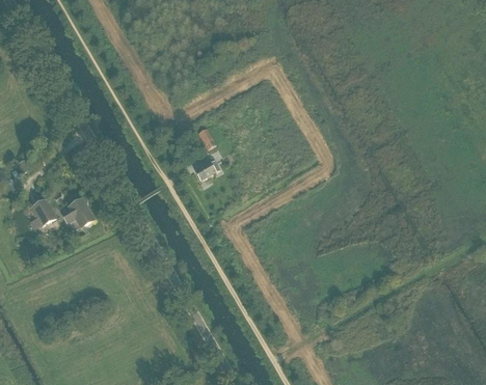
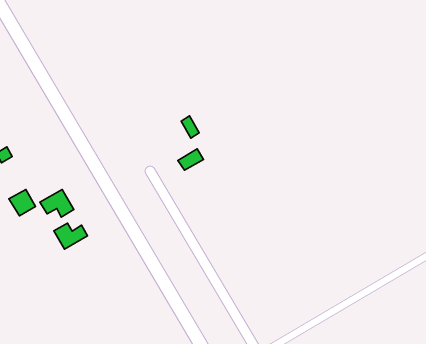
building: none -> [54,223,87,249]

